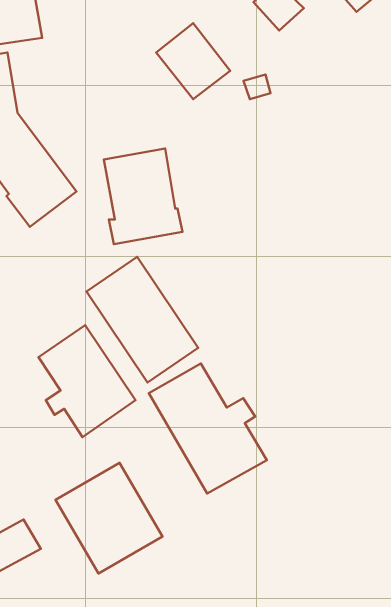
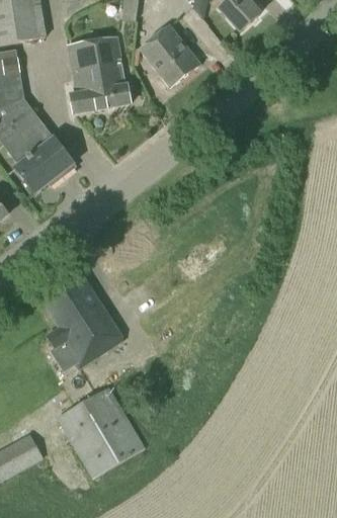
building: [104,148,182,244] -> [66,34,131,113]
building: [86,257,198,383] -> none
building: [149,364,267,493] -> none

